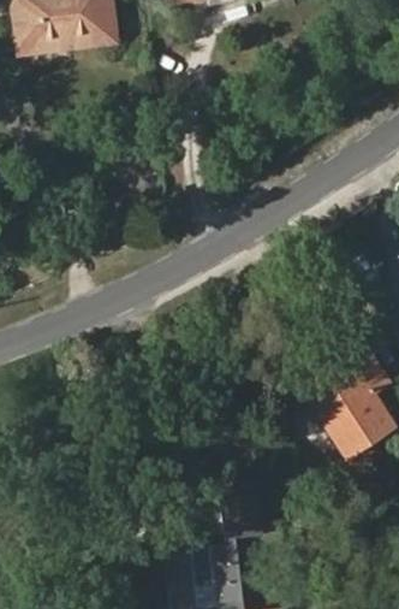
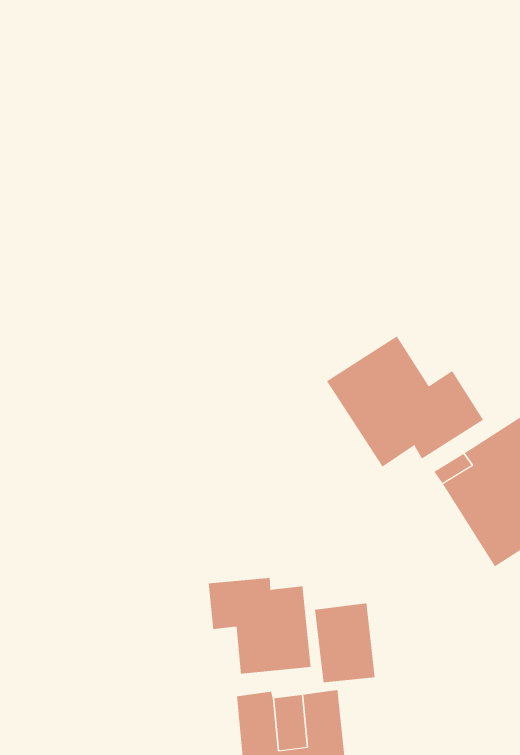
building: none -> [326,335,484,467]
building: none -> [208,577,311,674]

